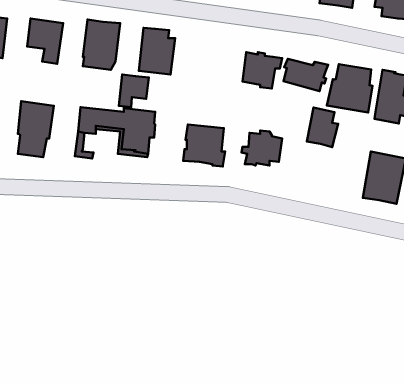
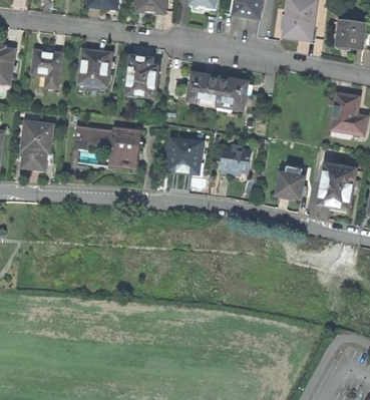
building: none -> [188,72,220,102]
building: [283,59,328,91] -> none
building: [327,64,372,112] -> none
building: [119,75,149,107] -> none
building: [307,108,338,147] -> [279,163,306,197]

